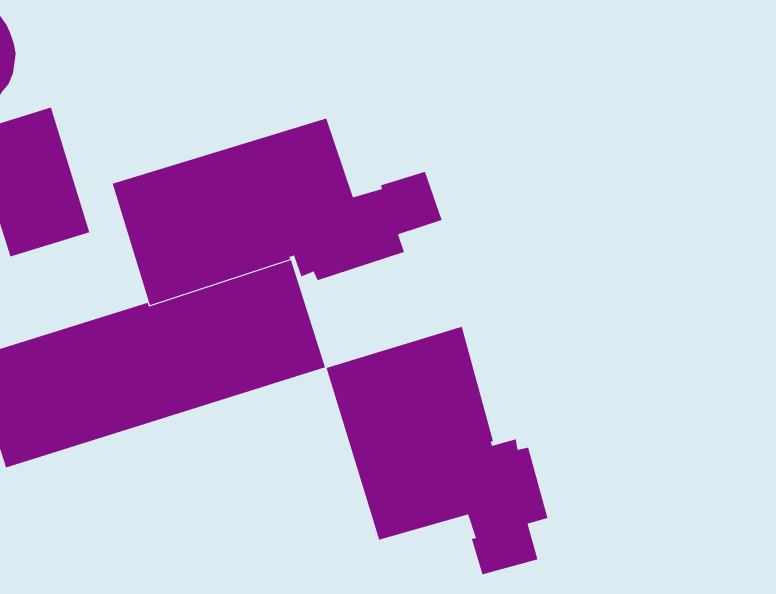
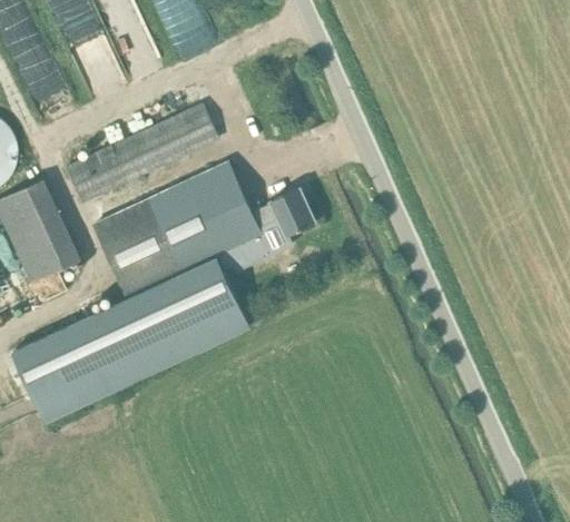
building: none -> [63,104,218,205]
building: [326,326,548,575] -> none

